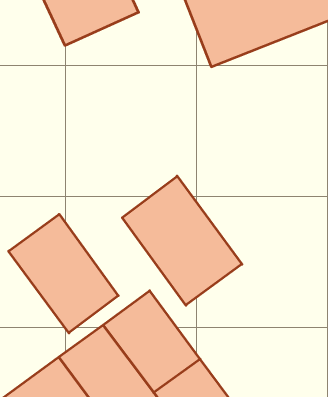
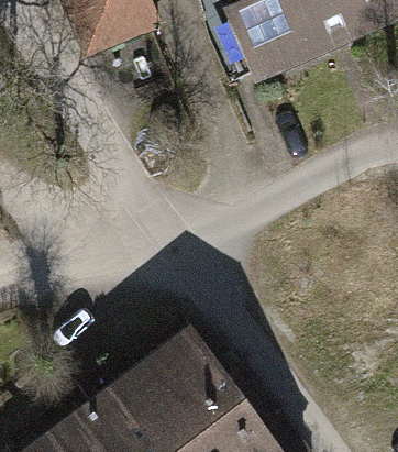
building: [122,176,242,305] -> none
building: [9,214,118,333] -> none

